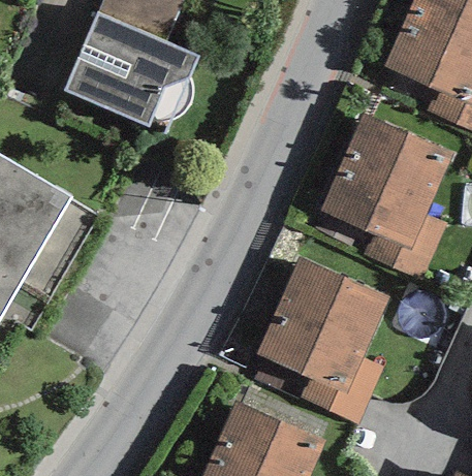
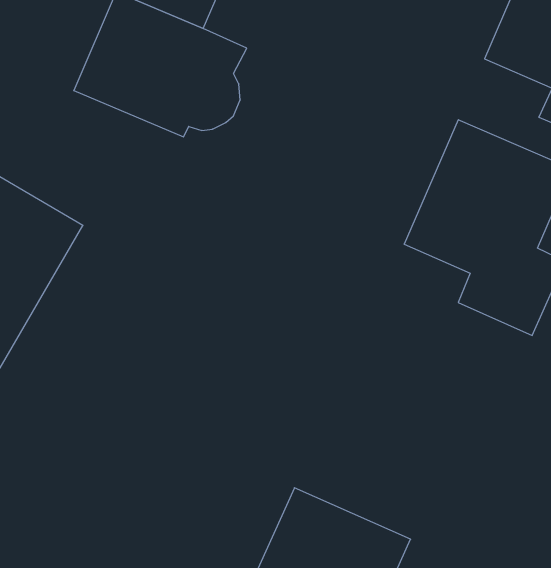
building: [255,258,388,423] -> none

